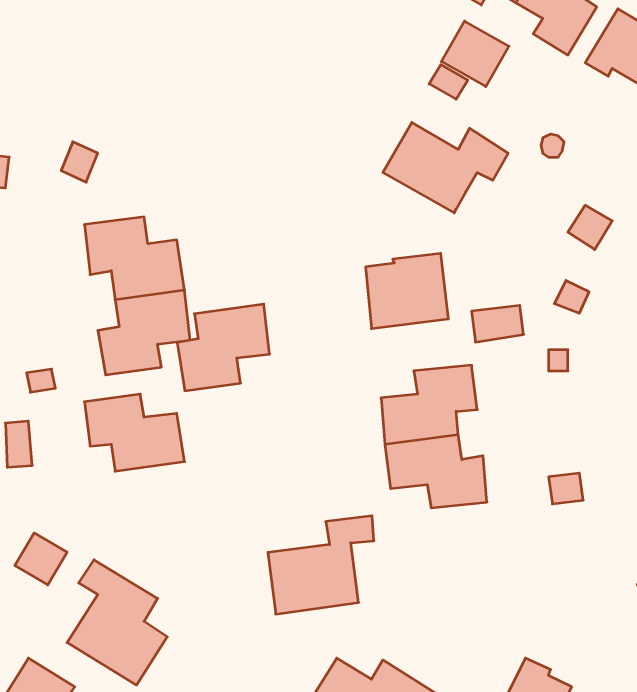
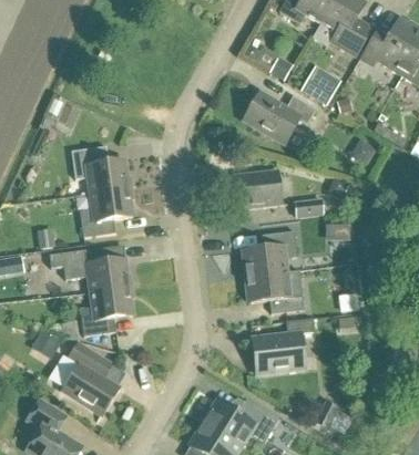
building: [441,21,509,87] -> [303,68,341,105]
building: [177,304,270,391] -> [80,287,133,337]
building: [268,516,374,614] -> [253,318,314,374]

